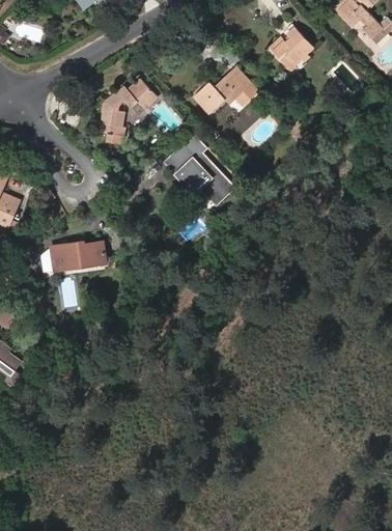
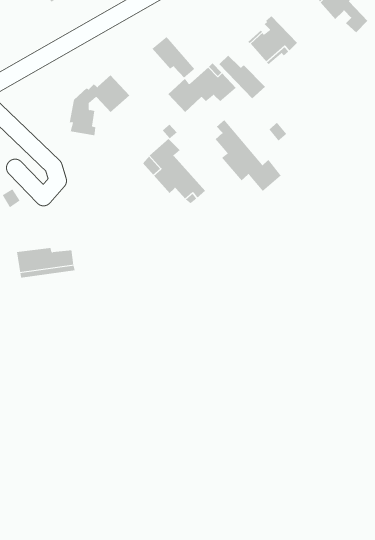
building: none -> [152,36,195,79]
building: none -> [219,55,266,99]
building: none -> [215,119,282,192]

